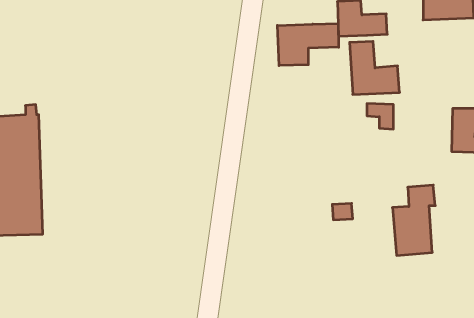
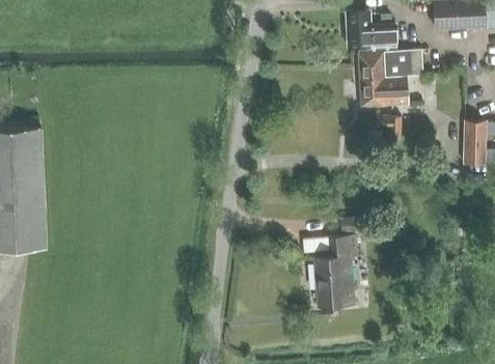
building: [277,24,339,66] -> none
building: none -> [382,52,423,81]
building: [392,185,435,255] -> [313,236,357,308]

